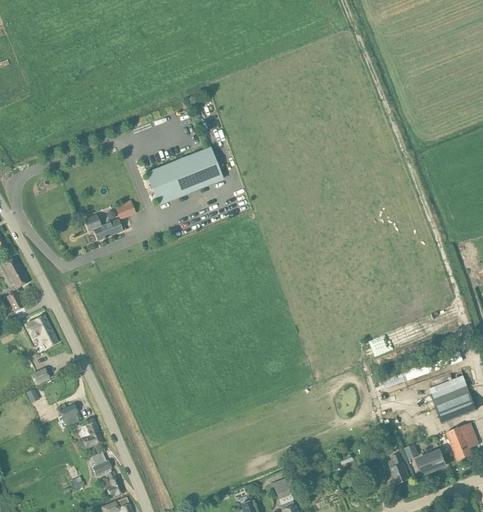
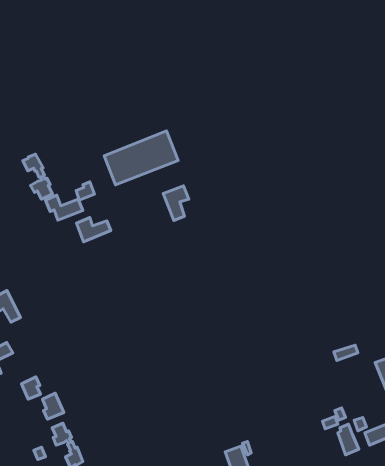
building: none -> [23,154,52,199]
building: none -> [163,186,189,220]
building: none -> [76,217,111,242]

